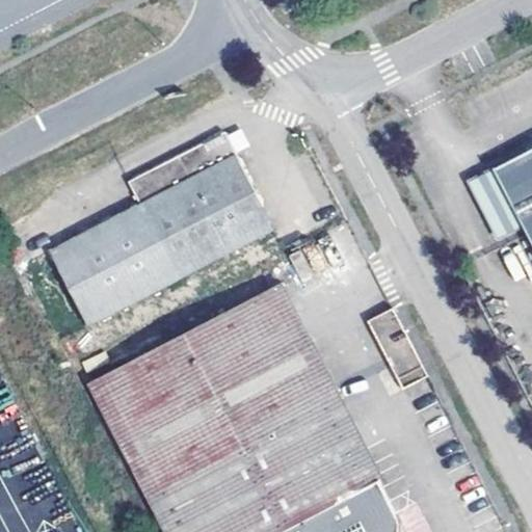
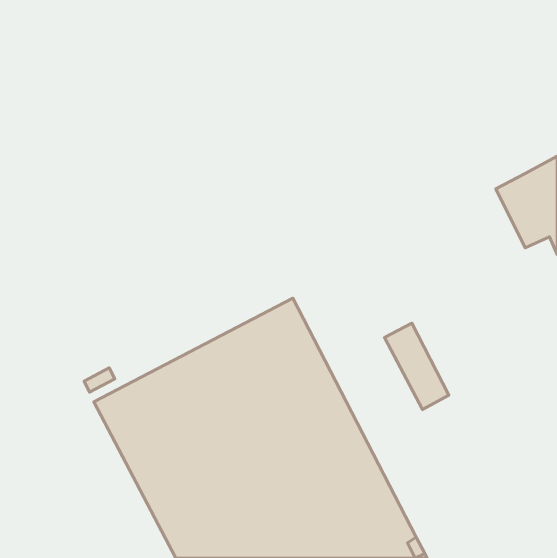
building: [48,132,273,327] -> none

